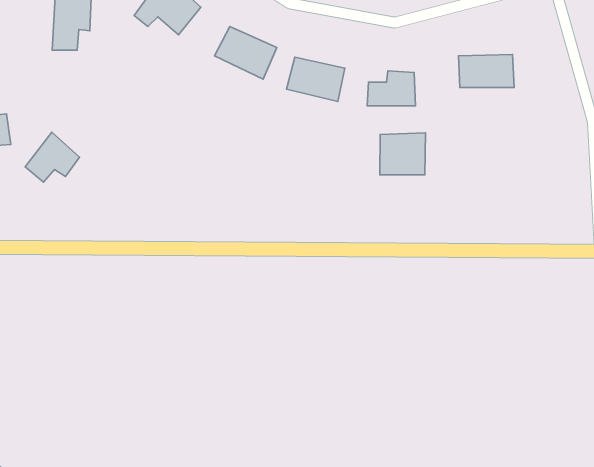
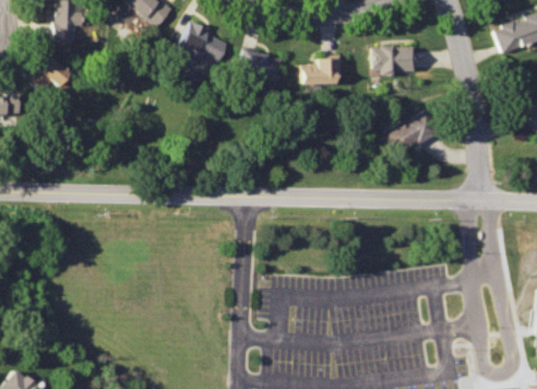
building: [25,132,79,182] -> [29,56,72,95]
building: [380,133,425,175] -> none
building: none -> [396,113,441,151]

